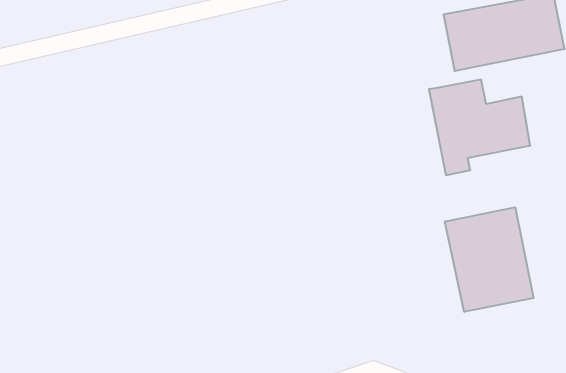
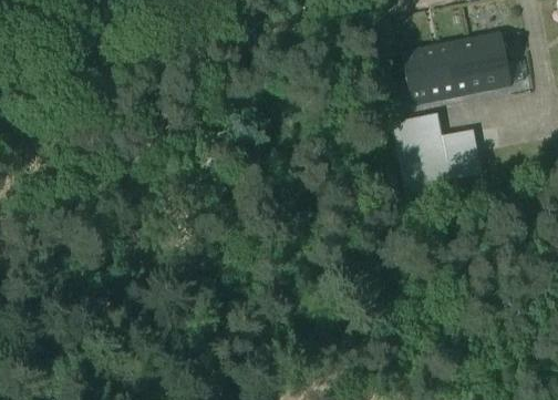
building: [445,207,533,312] -> none

